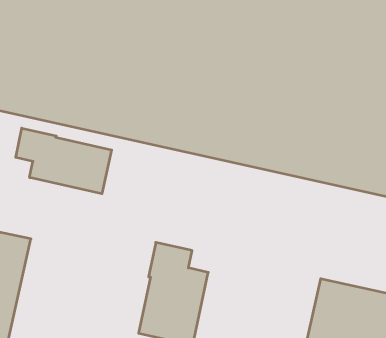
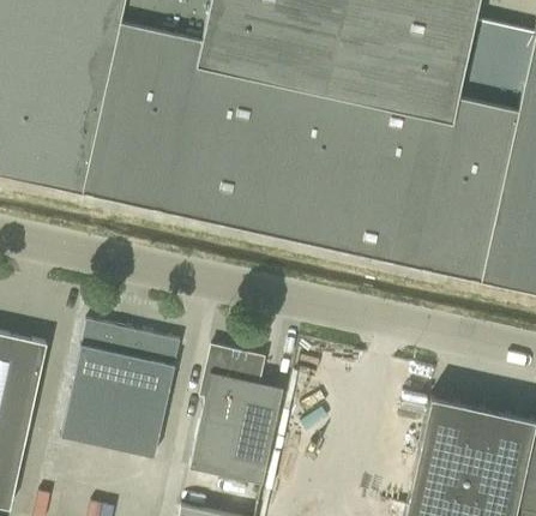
building: [16,128,112,194] -> none
building: none -> [60,322,180,460]

